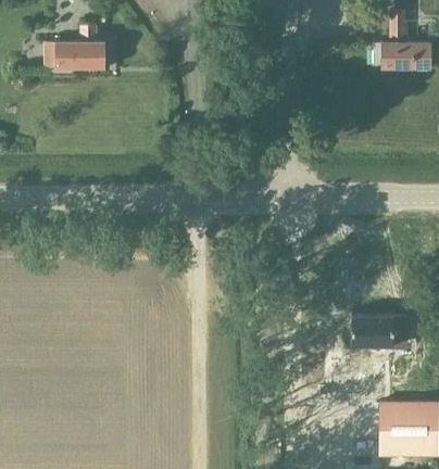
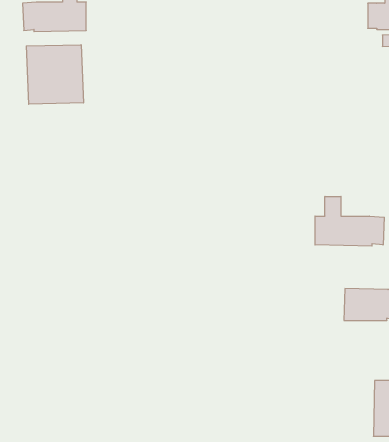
building: none -> [26,45,83,104]
building: none -> [315,196,384,246]

